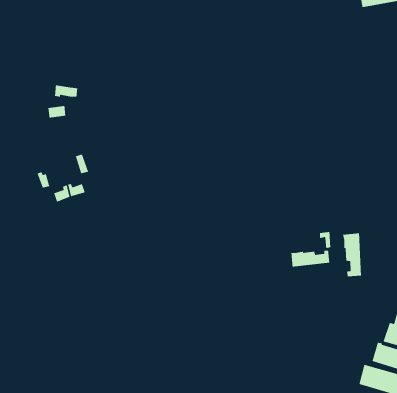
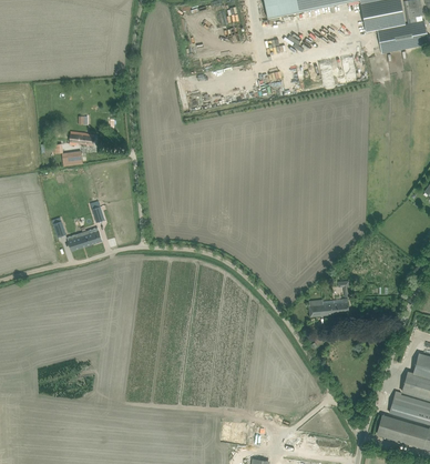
building: [342,233,362,277] -> none

